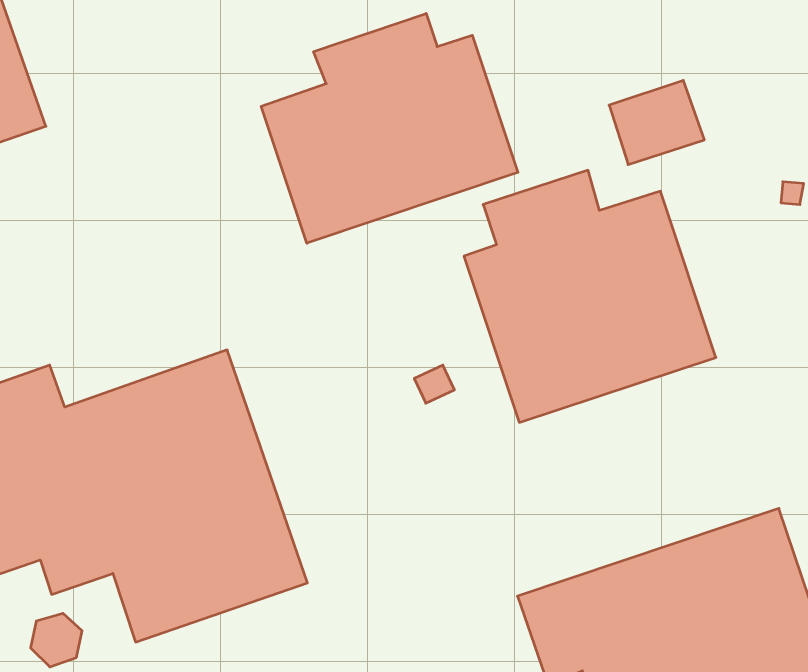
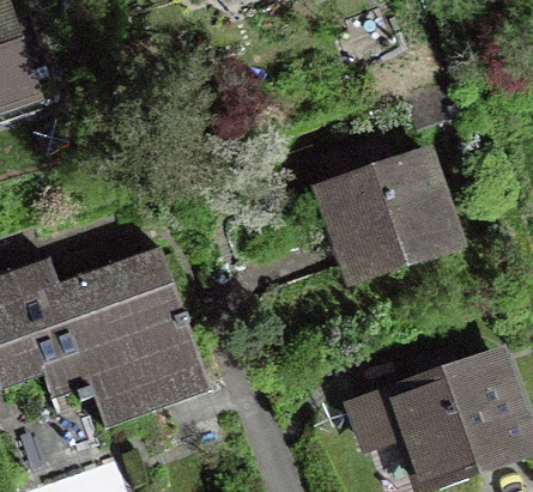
building: [261,13,518,243] -> none

